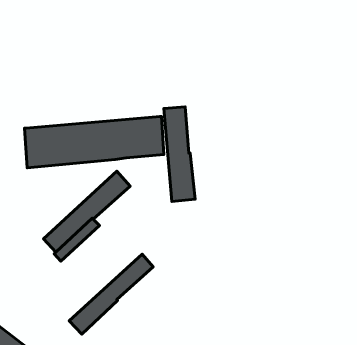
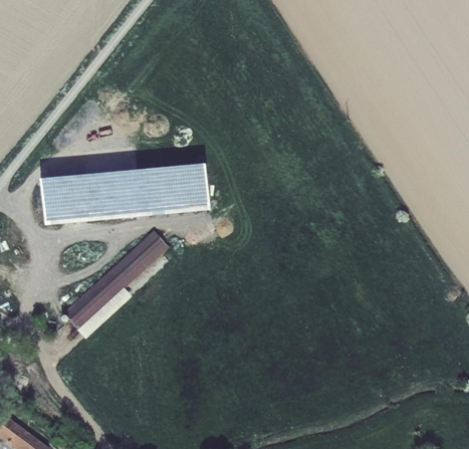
building: [164,107,195,202] -> none
building: [69,254,153,334] -> none

